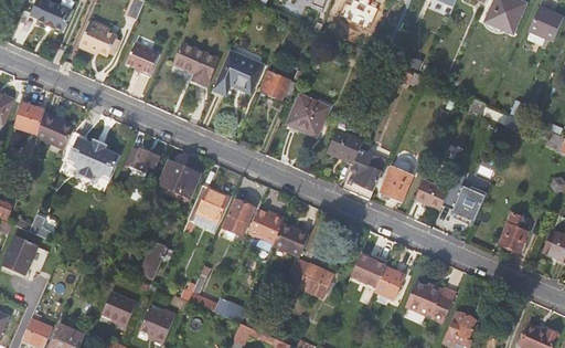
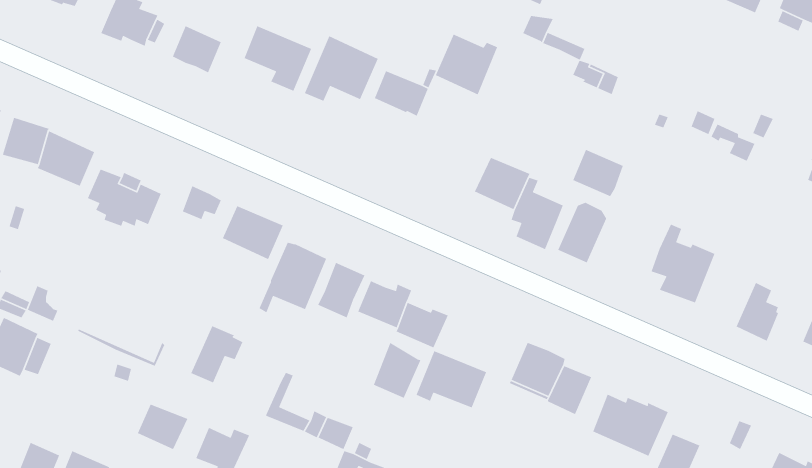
building: [287,95,329,136] -> [435,34,498,95]
building: [414,178,448,210] -> [572,149,624,197]
building: none -> [373,342,421,399]

